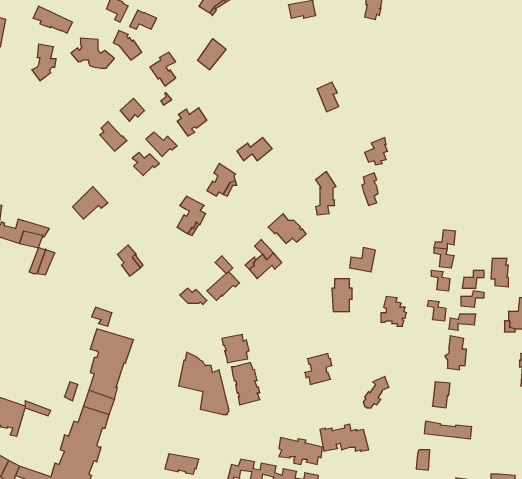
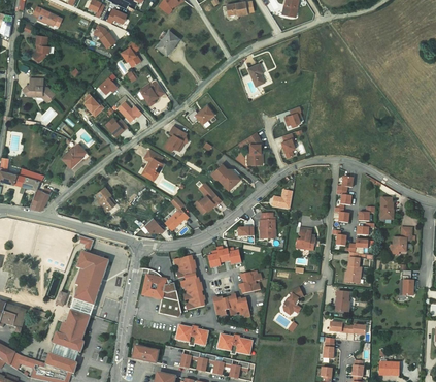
building: [71,38,114,68] -> [22,77,55,100]
building: none -> [207,246,241,266]
building: [320,424,369,451] -> [212,293,249,314]
building: none -> [176,324,207,346]

